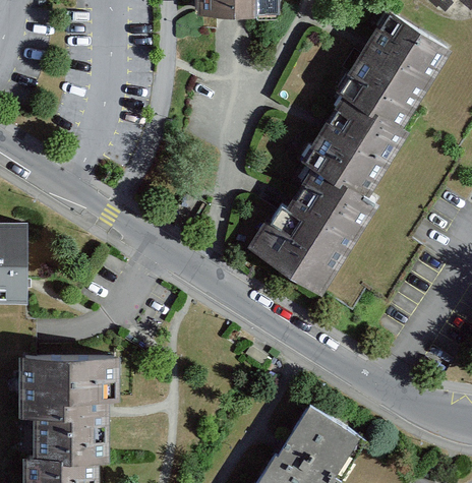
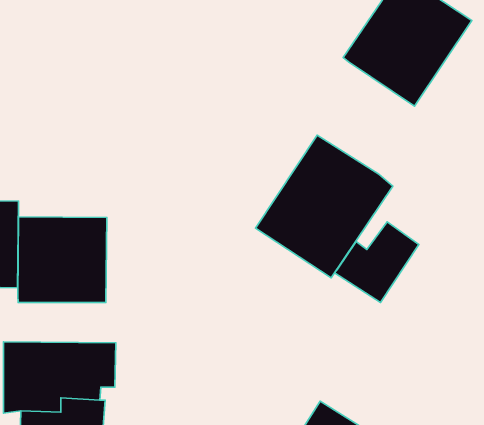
building: [298,93,405,198] -> none
building: none -> [18,217,107,303]
building: none -> [335,222,419,303]

